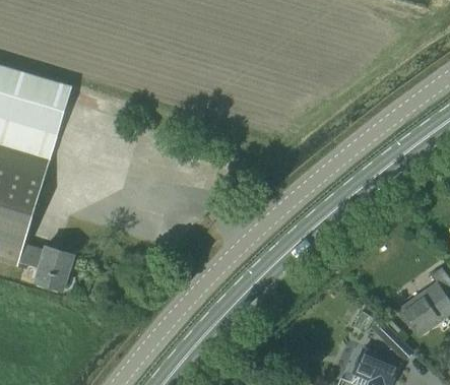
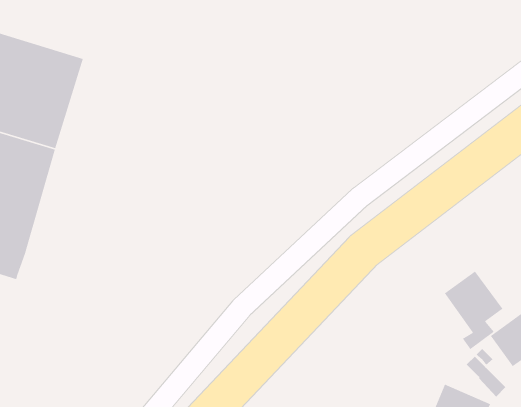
building: [18,242,74,287] -> none
building: none -> [444,271,504,350]

